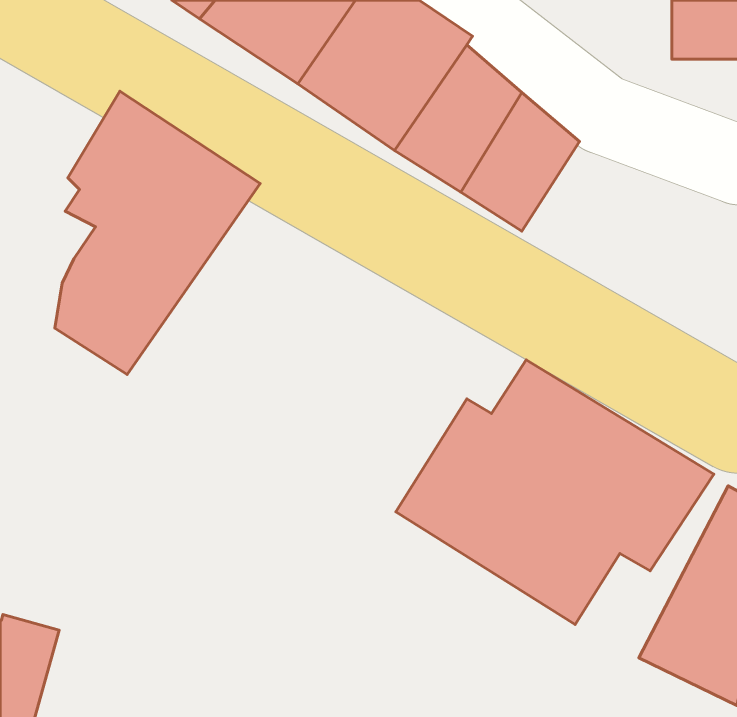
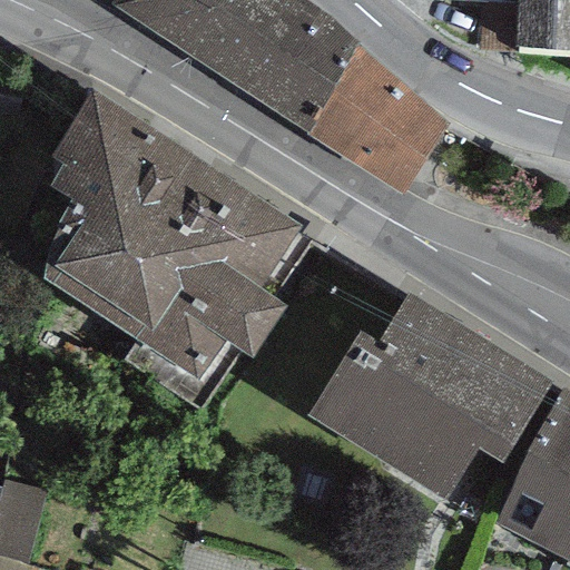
building: none -> [99,158,299,374]

